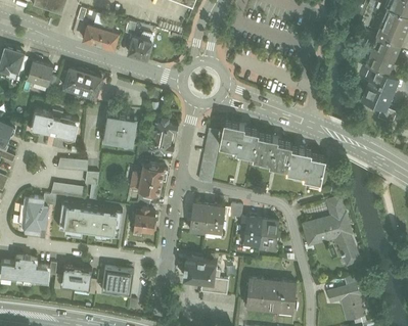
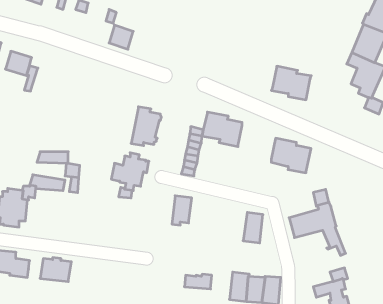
building: [83,22,118,48] -> none
building: [63,67,102,97] -> none
building: [30,108,79,139] -> none
building: [102,113,137,144] -> none
building: [253,134,291,167] -> [271,66,311,100]
building: [58,202,124,242] -> none
building: [206,204,225,233] -> none
building: [133,206,156,234] -> none
building: [243,217,263,246] -> none
building: [184,258,220,281] -> none
building: [100,267,132,294] -> none

